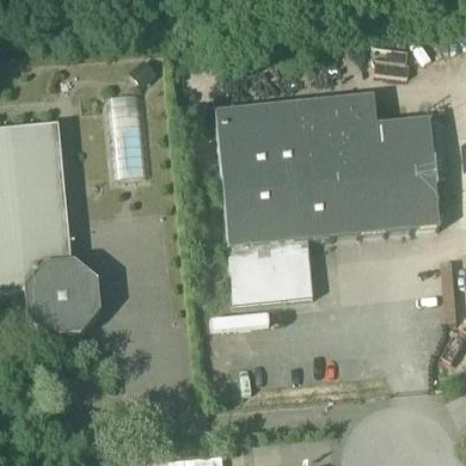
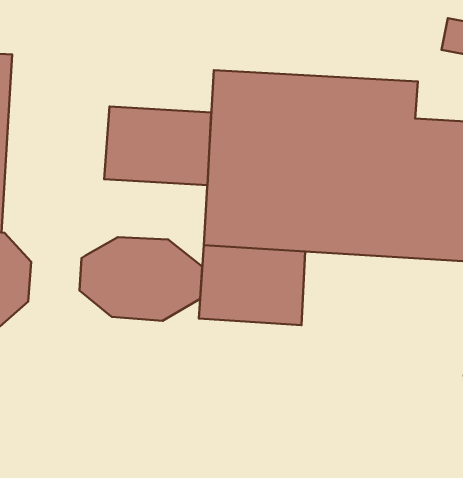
building: none -> [104,106,211,185]
building: none -> [79,237,202,321]

